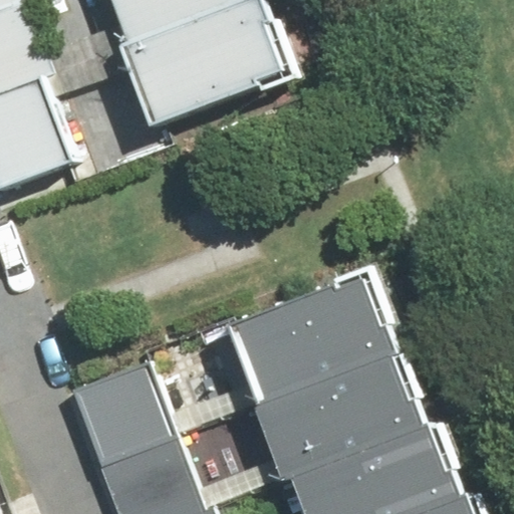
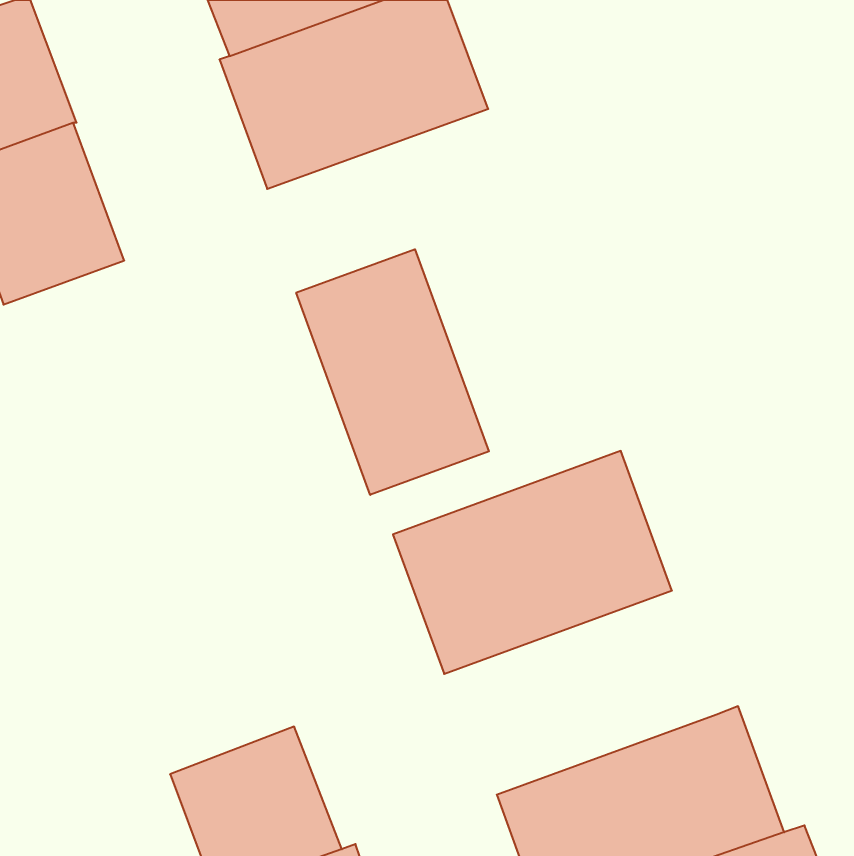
building: none -> [296,249,489,495]
building: [254,356,423,482] -> none
building: [71,359,174,465] -> none

